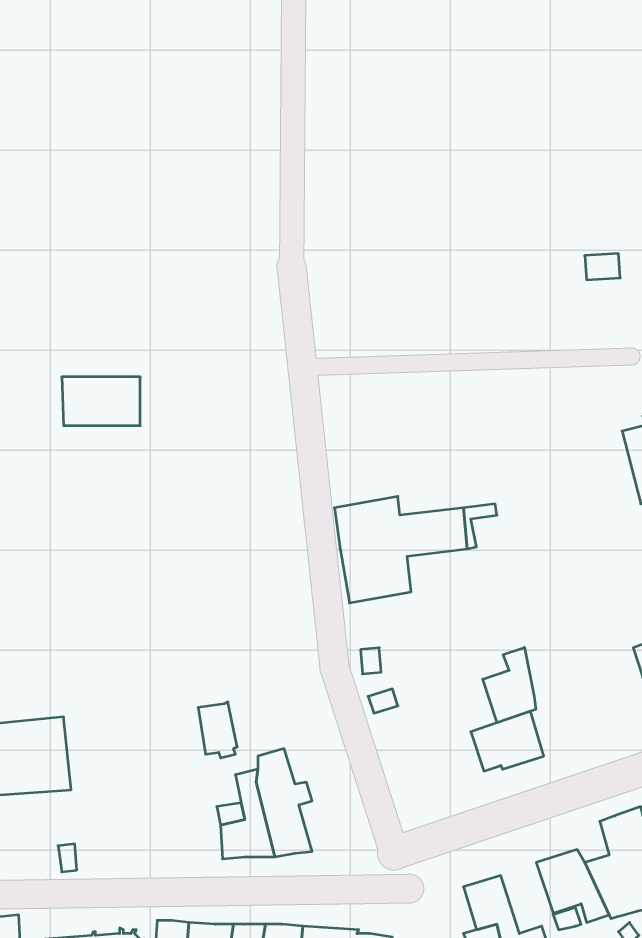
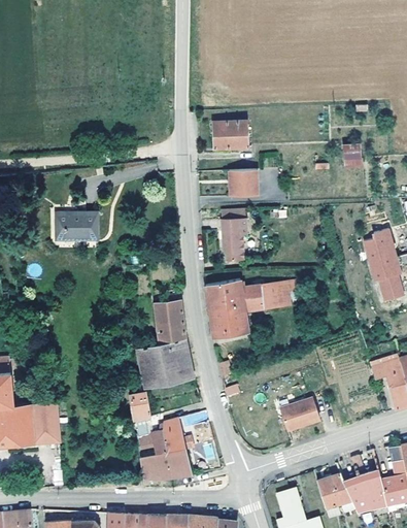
building: none -> [212,121,248,148]
building: none -> [229,165,259,193]
building: none -> [221,208,246,260]
building: none -> [137,300,194,389]
building: [483,647,536,723] -> none

